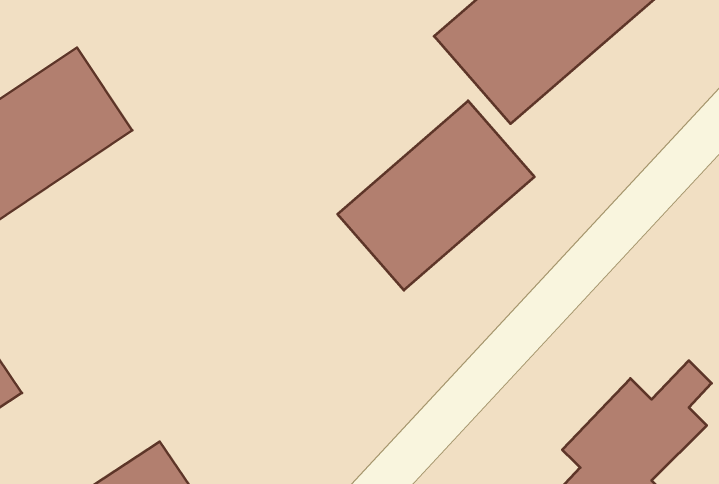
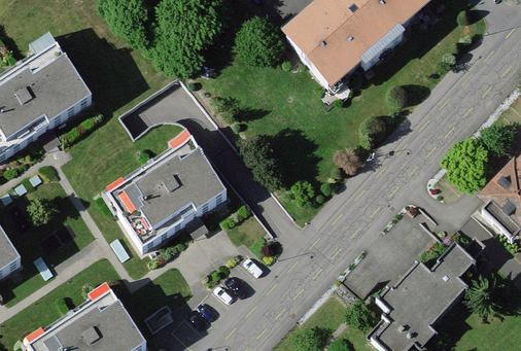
building: [338,101,534,290] -> none
building: none -> [108,139,228,248]

